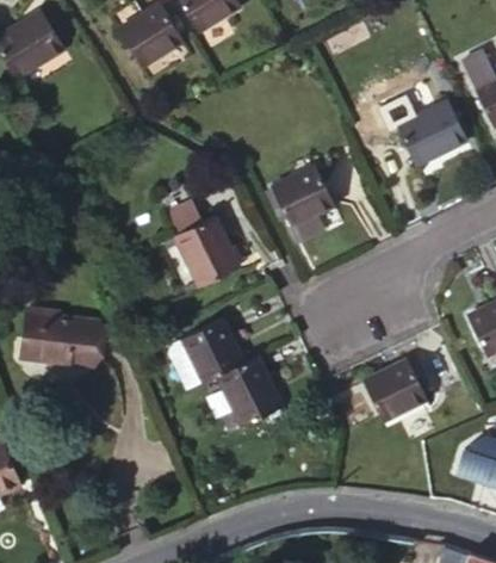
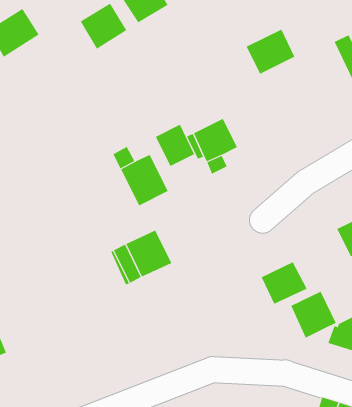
building: [398,103,465,165] -> [246,29,295,75]
building: none -> [155,124,195,167]
building: [21,307,98,365] -> none
building: [218,355,281,426] -> none
building: none -> [290,291,336,339]

